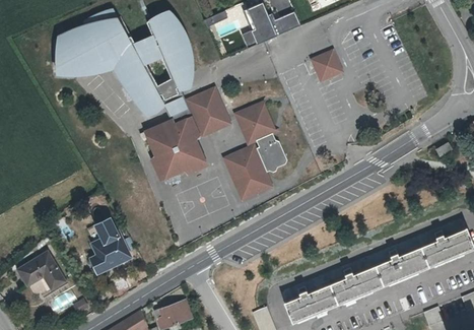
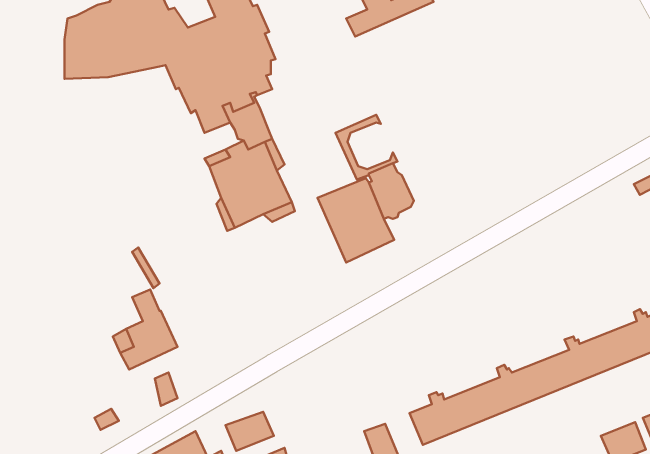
building: [312,49,342,81] -> none
building: [187,85,231,135] -> none
building: [243,106,273,137] -> none
building: [20,254,65,289] -> none

